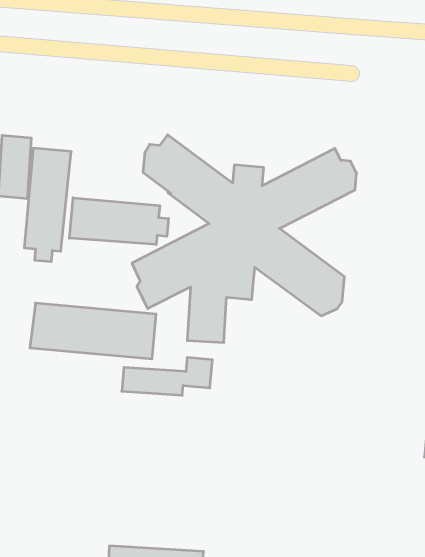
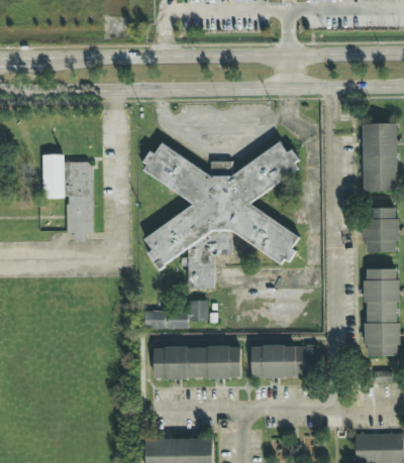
building: [69,198,168,245] -> none
building: [30,303,156,359] -> [154,347,241,379]
building: none -> [251,345,317,377]

